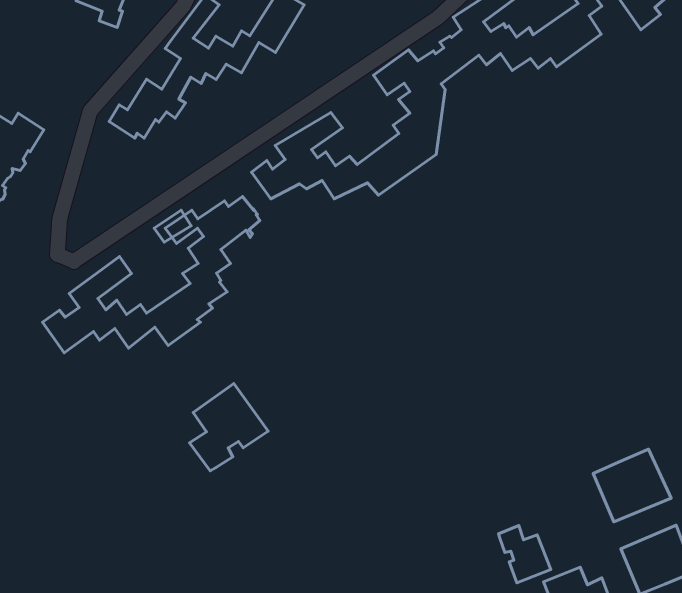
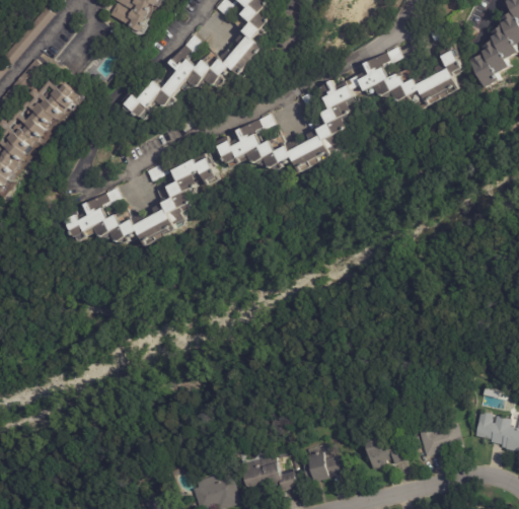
building: [189,384,268,471] -> none
building: [593,449,671,522] -> none
building: [499,526,551,583] -> none

